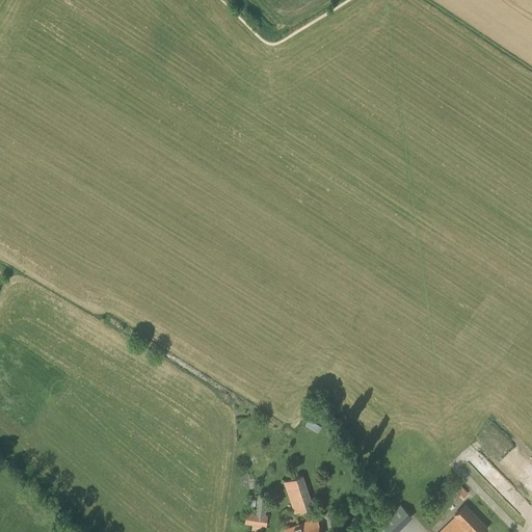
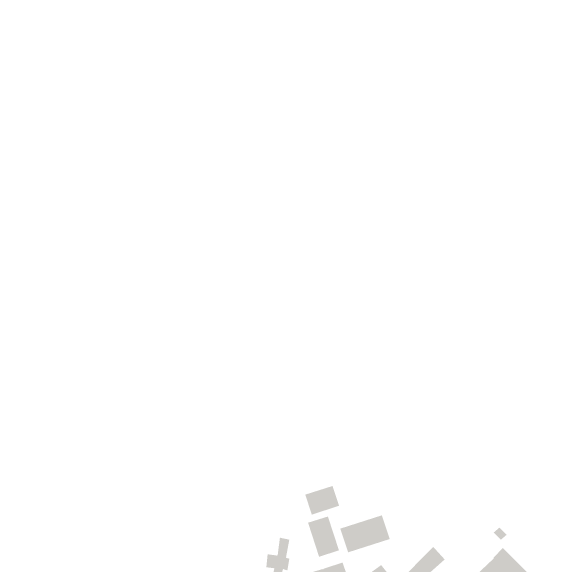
building: none -> [305,485,340,515]
building: none -> [340,515,390,553]

